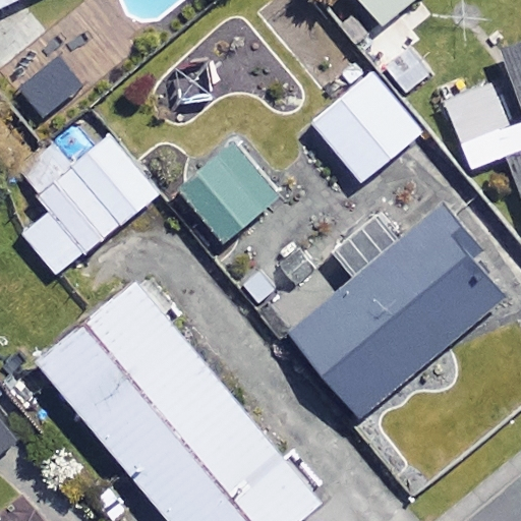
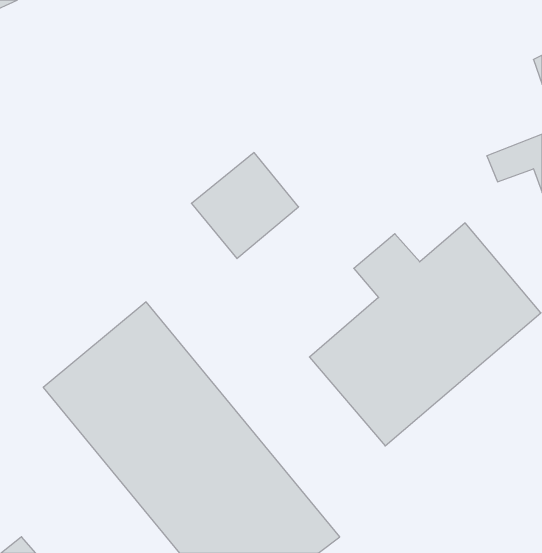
building: [310,74,418,183] -> none
building: [14,108,155,276] -> none

